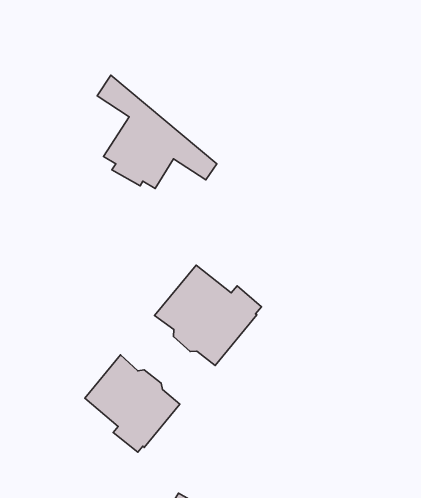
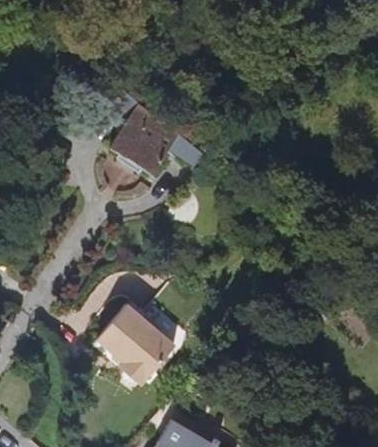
building: [154,265,261,365] -> none

